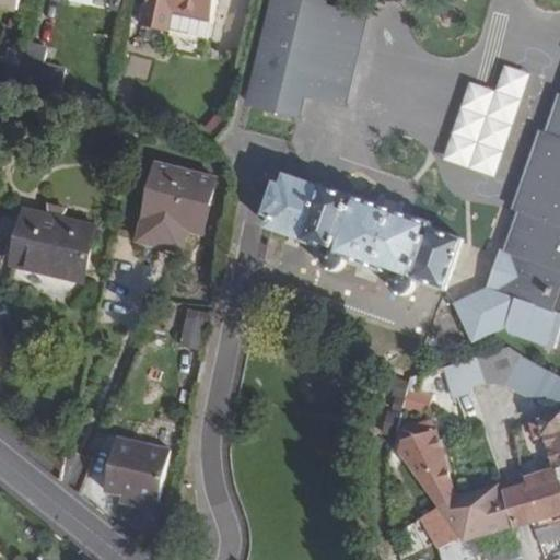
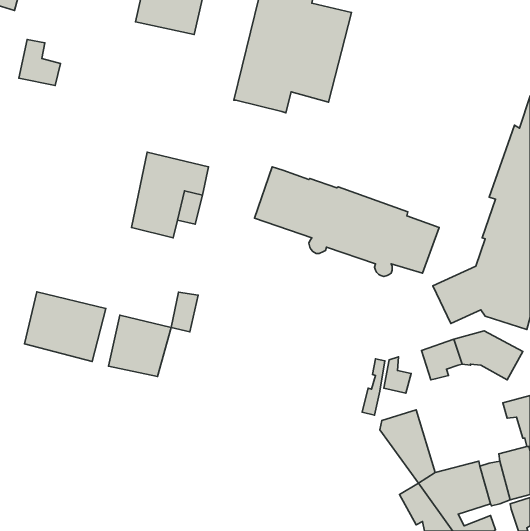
building: [436,61,523,174] -> none
building: [11,208,96,281] -> [24,292,106,362]
building: [106,436,172,501] -> [109,315,171,377]

